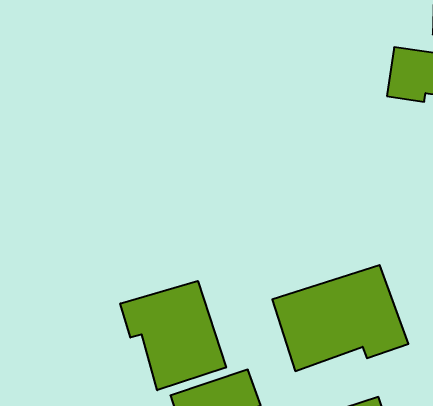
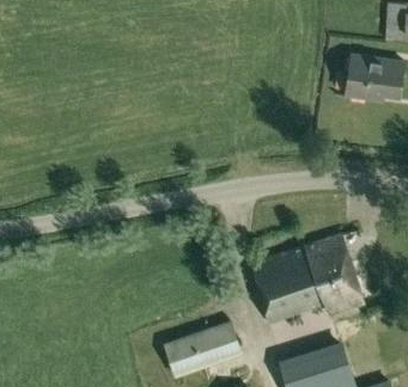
building: [120,281,226,390] -> none

